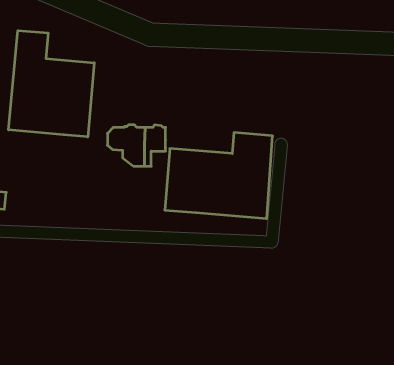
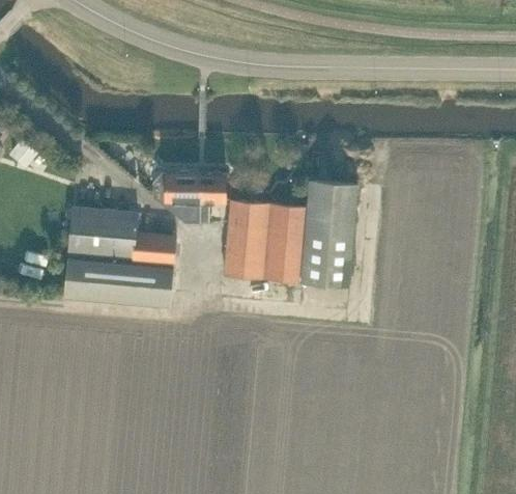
building: [9,31,94,137] -> none
building: none -> [64,208,176,306]

